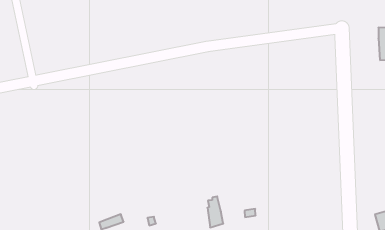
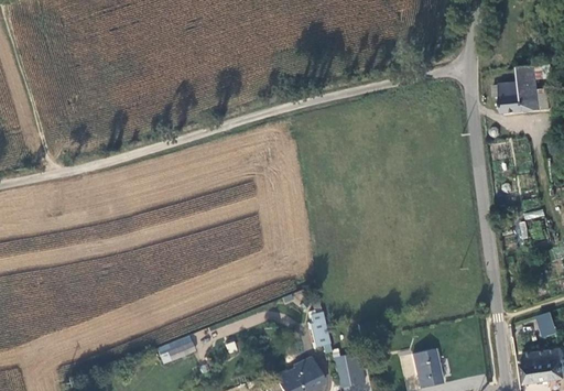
building: none -> [496,76,528,107]

